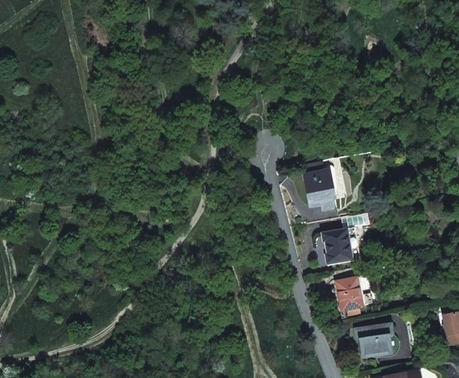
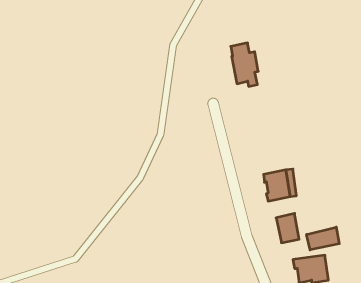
building: [303,159,334,208] -> [231,43,258,86]
building: none -> [307,227,339,250]

